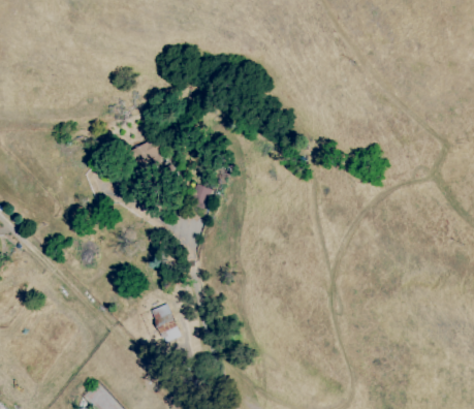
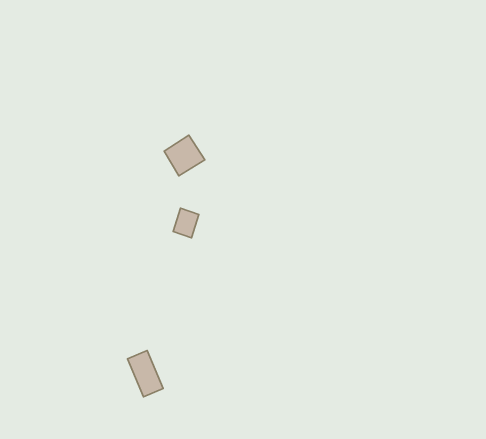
building: [131,137,165,171] -> [164,135,205,176]

